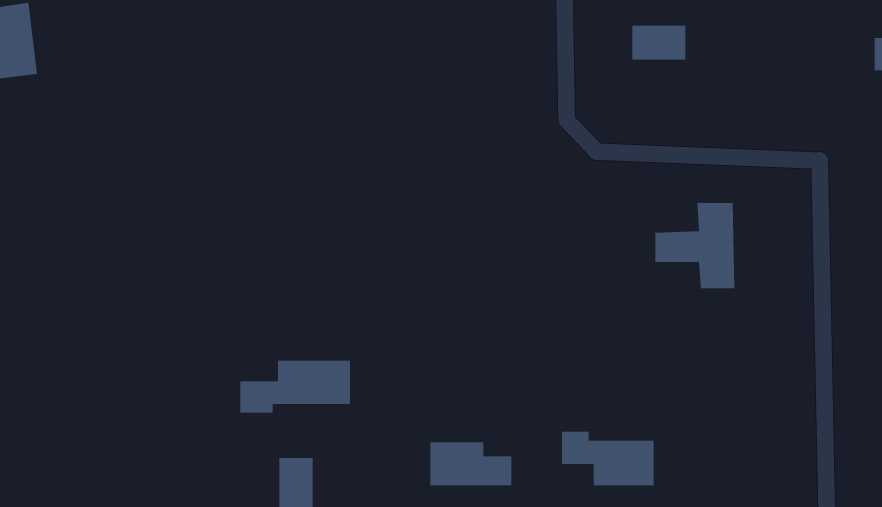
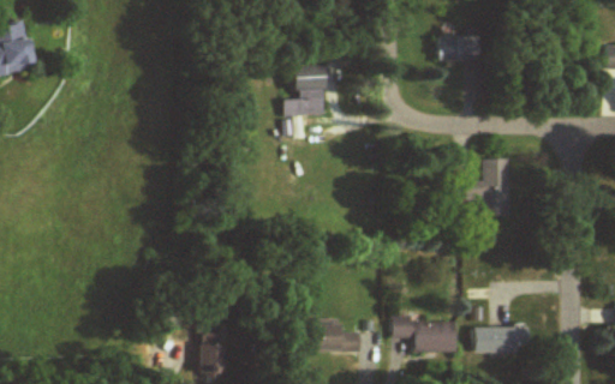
building: none -> [286,65,326,116]
building: [240,360,351,414] -> none
building: none -> [473,326,525,352]

